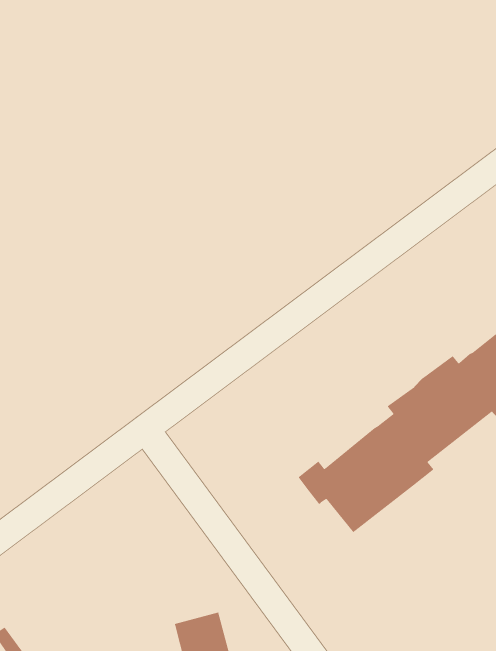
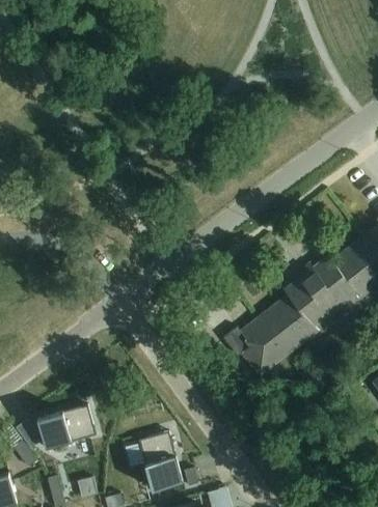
building: none -> [37,404,97,449]

